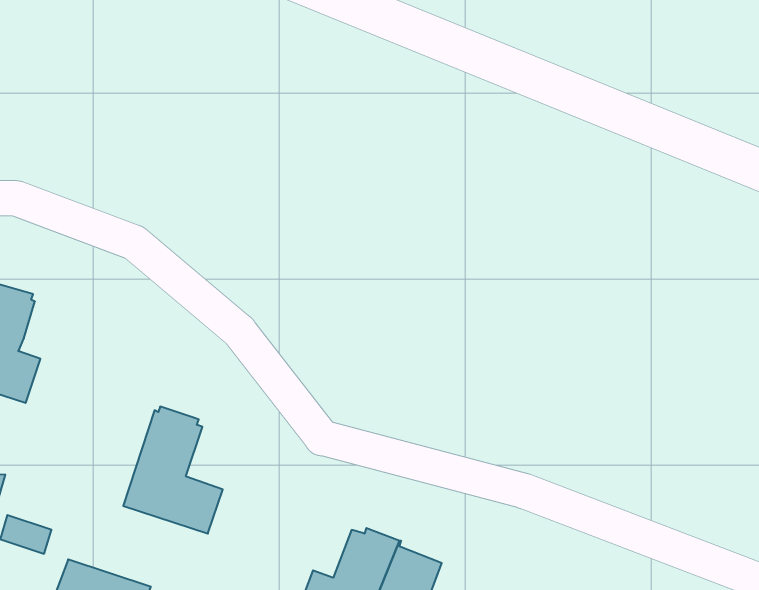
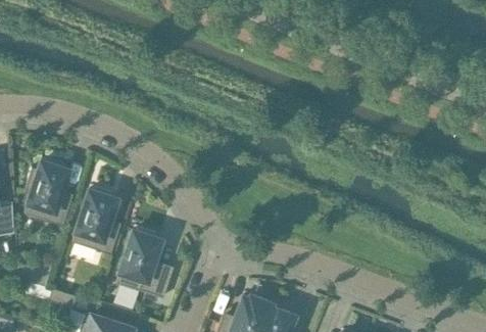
building: none -> [74,187,119,253]

